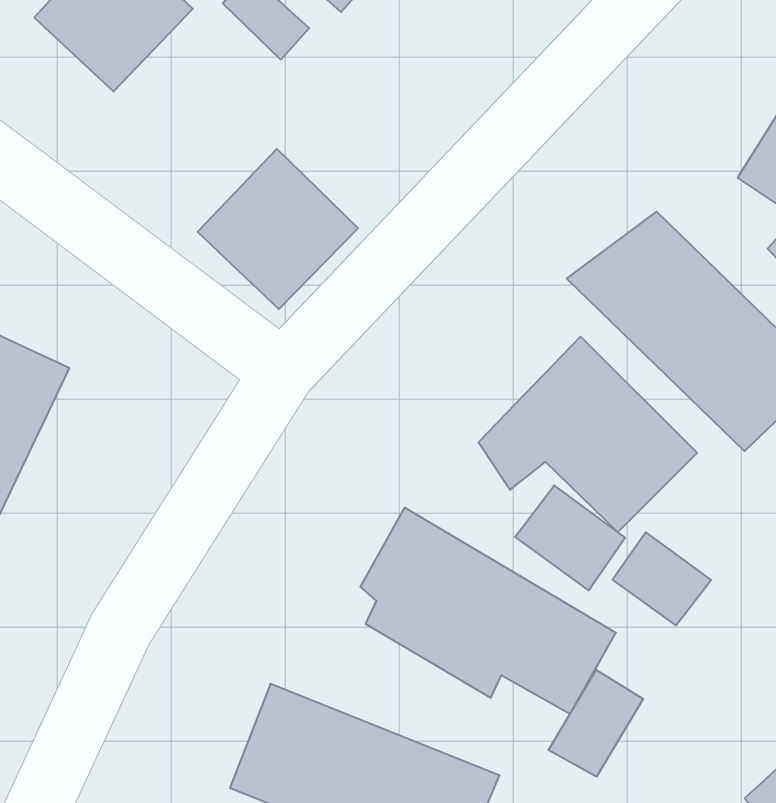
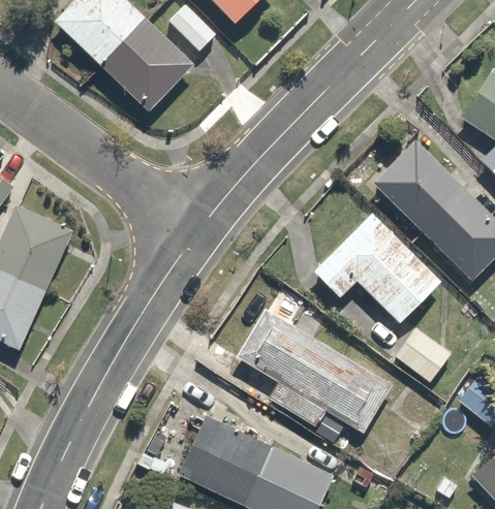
building: [198,149,358,309] -> [100,21,194,115]
building: [515,485,625,590] -> none
building: [548,670,643,777] -> none

